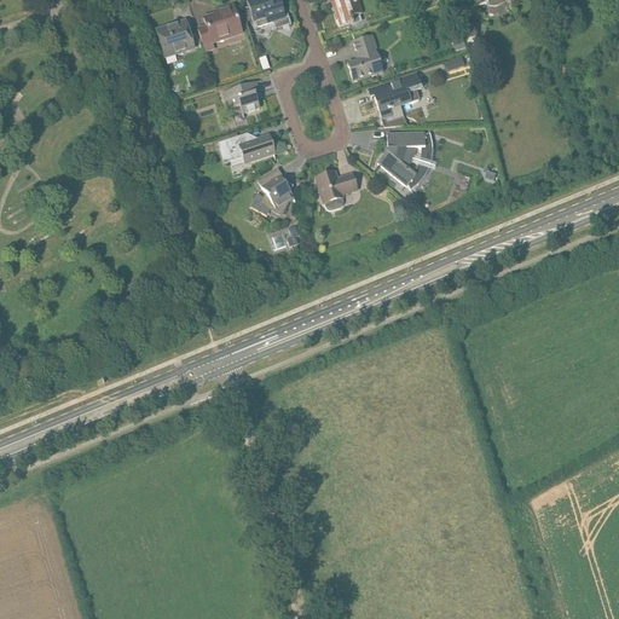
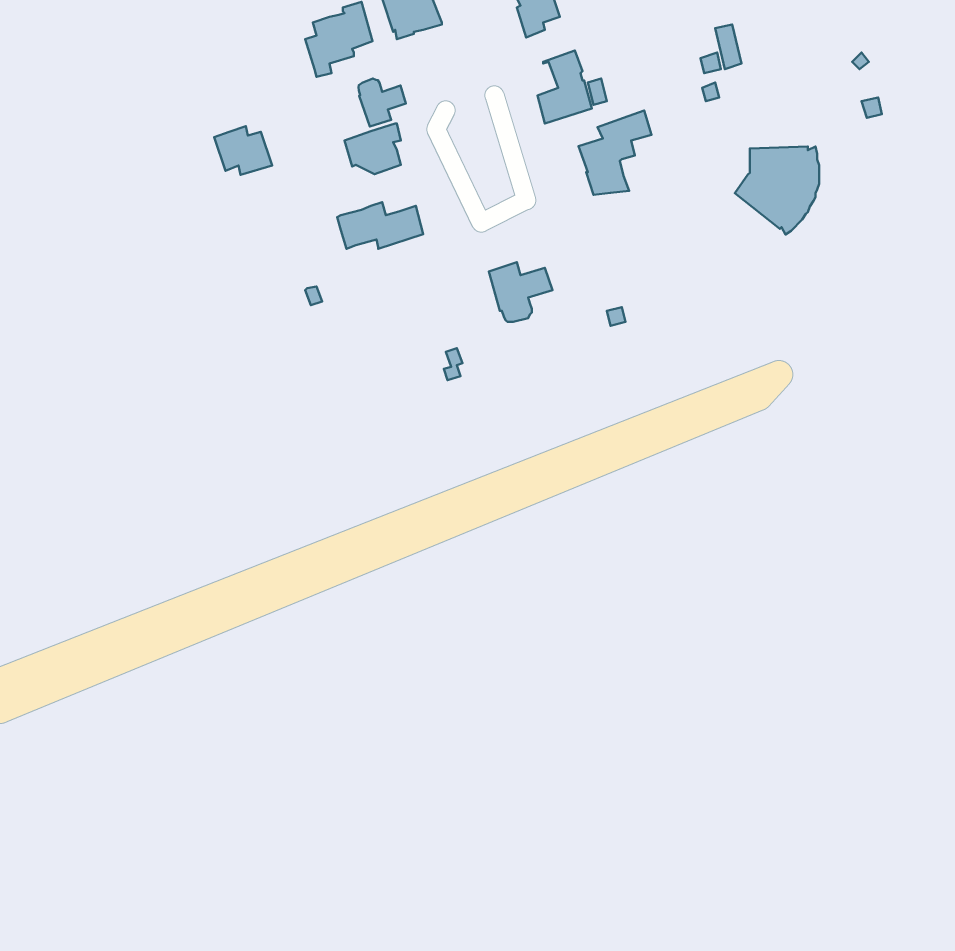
building: [157,21,195,52] -> [214,126,272,175]
building: none -> [358,78,406,126]
building: [378,131,433,187] -> [735,147,819,234]
building: [259,167,295,210] -> none

